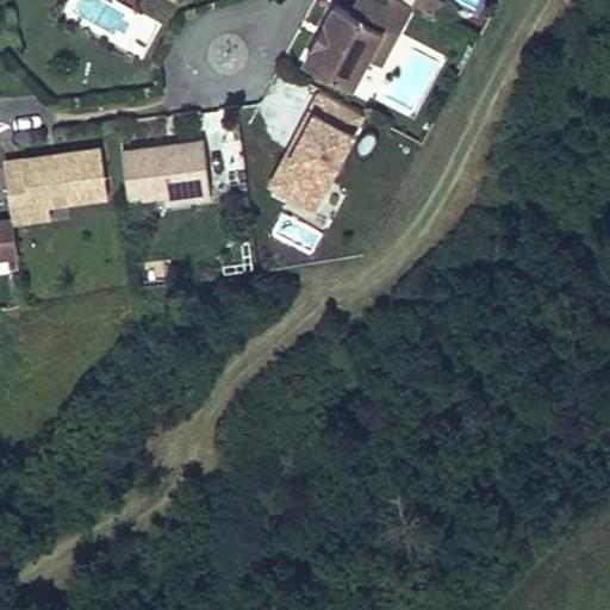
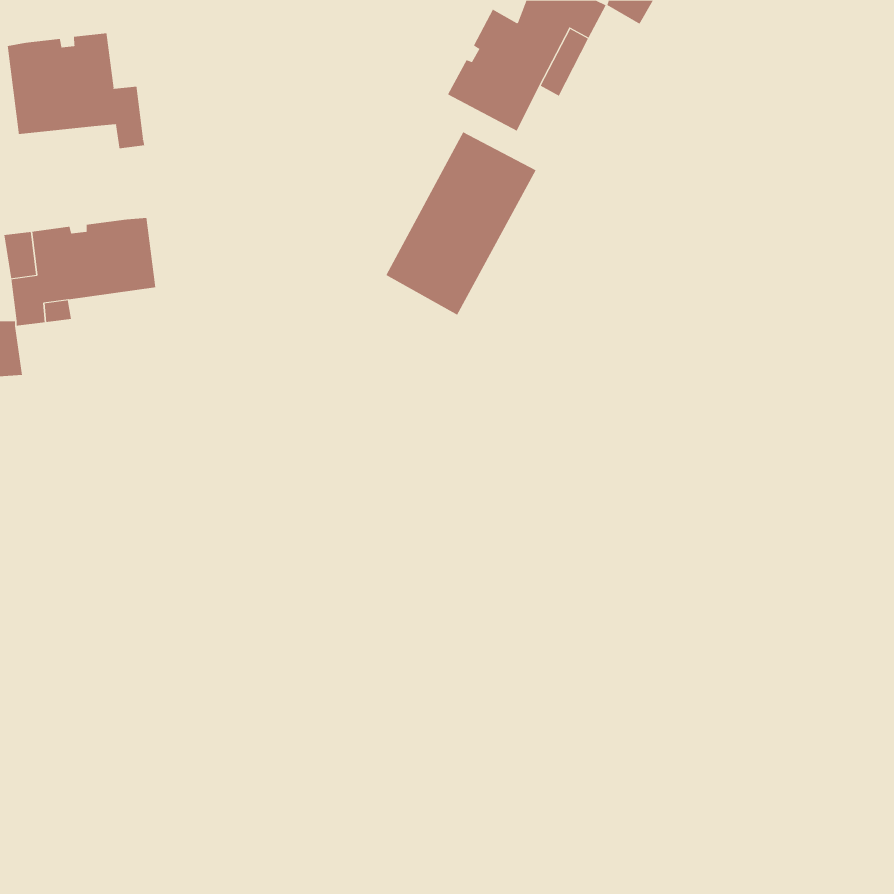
building: none -> [7,33,145,149]
building: [122,141,210,199] -> none

